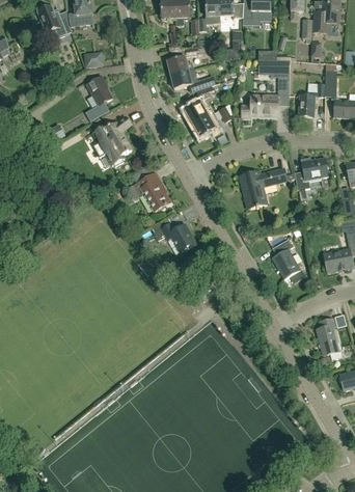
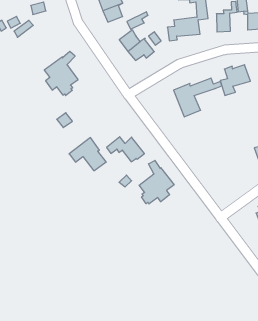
building: [86,75,113,106] -> none
building: [129,172,170,211] -> [69,138,106,171]
building: [272,238,301,278] -> none
building: none -> [139,160,174,204]

